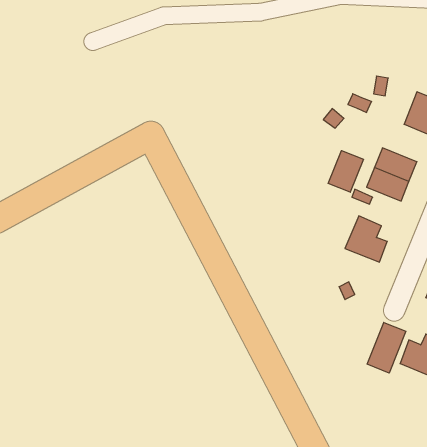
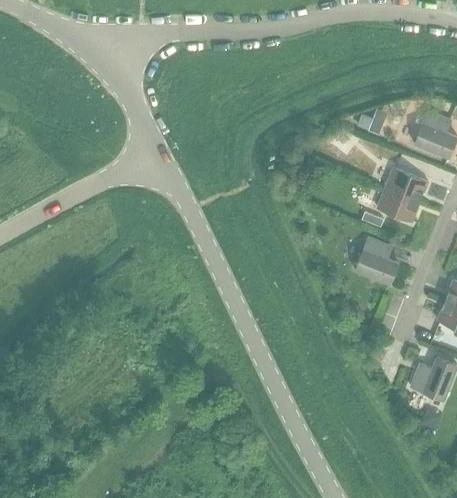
building: [328,151,363,192] -> none
building: [367,322,406,373] -> none

